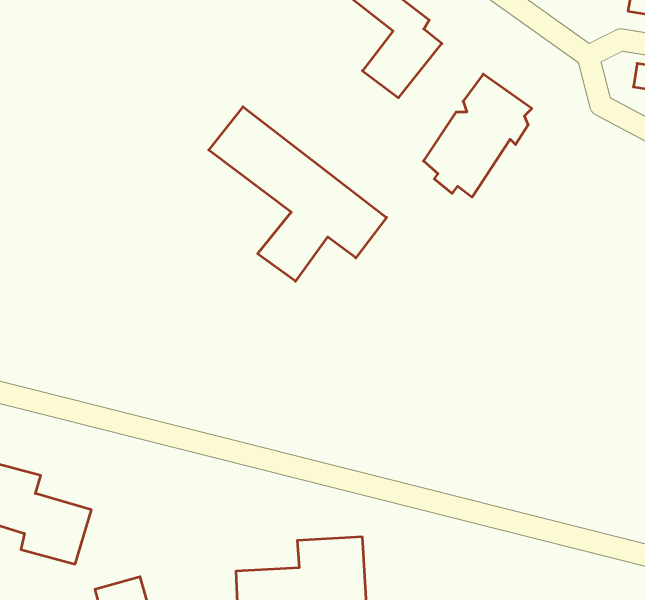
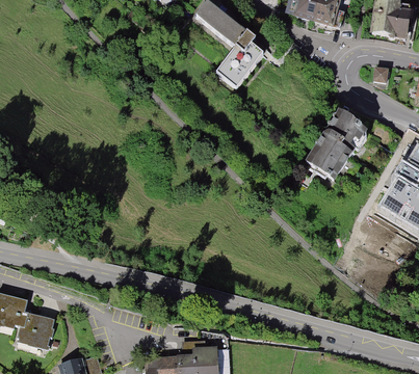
building: [423,74,532,197] -> [305,107,367,178]
building: [209,107,387,281] -> none

